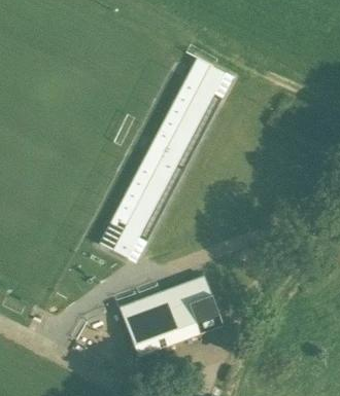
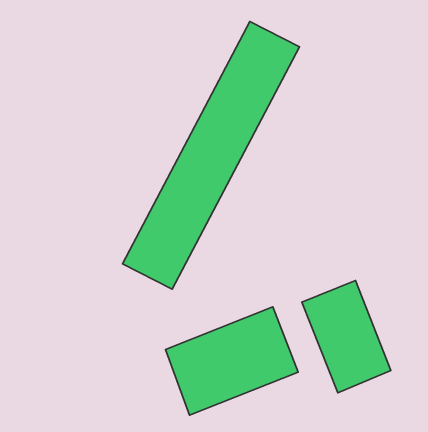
building: none -> [302,281,391,393]

